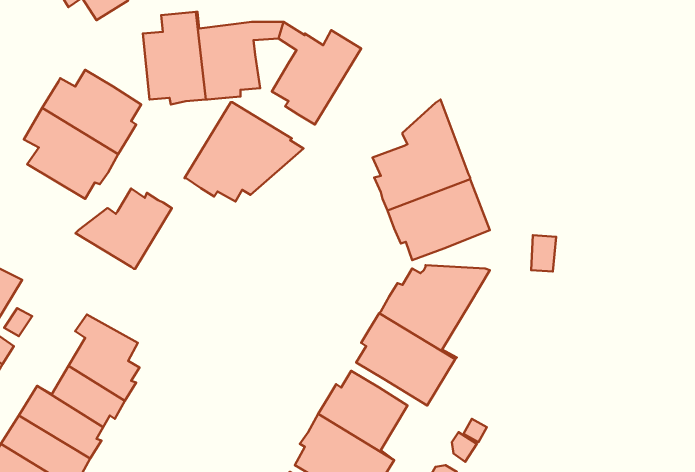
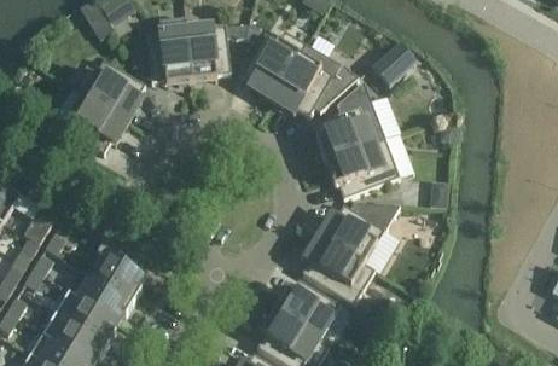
building: none -> [372,42,417,86]
building: [184,102,303,201] -> [272,43,359,116]
building: [75,188,172,269] -> none

